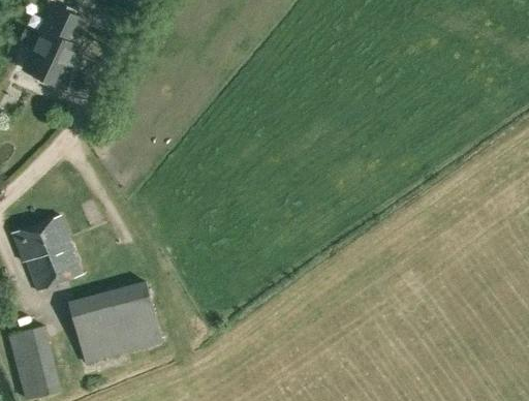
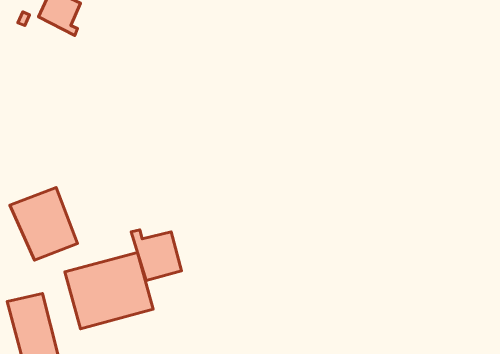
building: [25,34,80,87] -> none
building: none -> [131,230,182,280]

